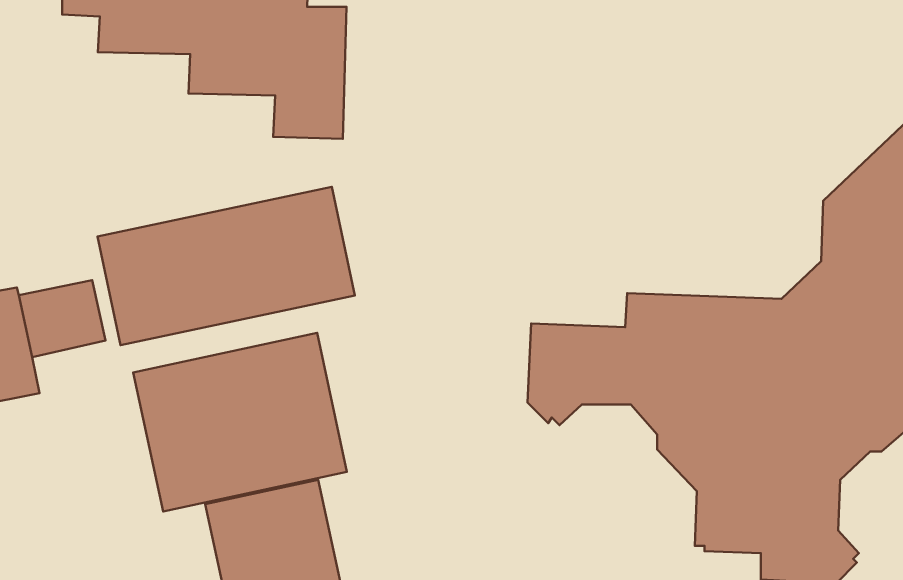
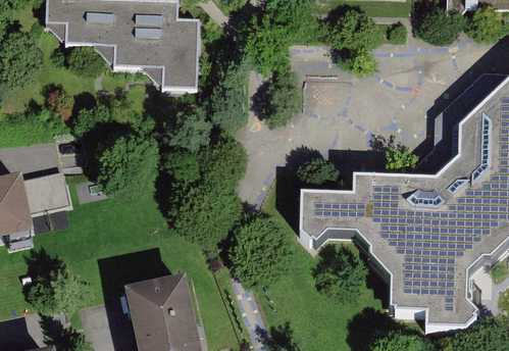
building: [97,187,355,345] -> none
building: [133,333,347,511] -> none

